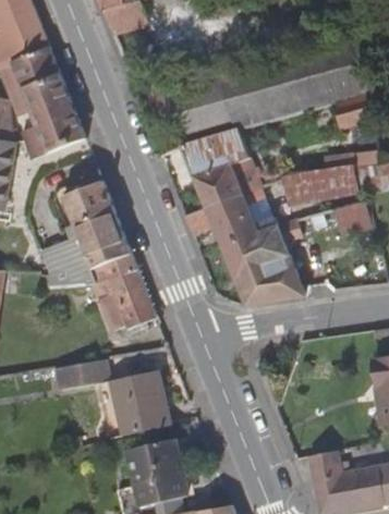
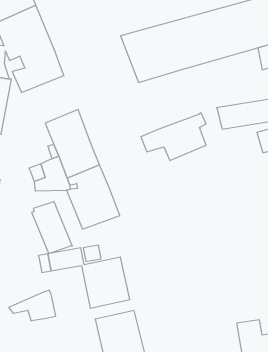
building: [181,128,258,207] -> none
building: [221,221,307,306] -> none
building: none -> [32,202,72,254]
building: none -> [9,290,55,321]

